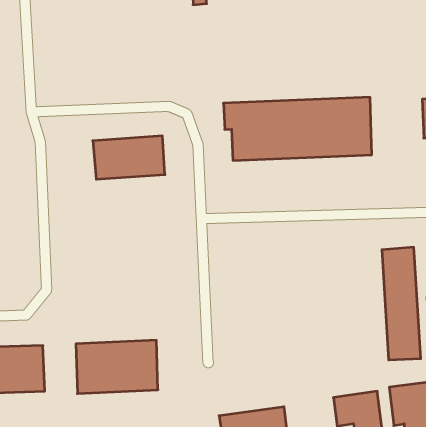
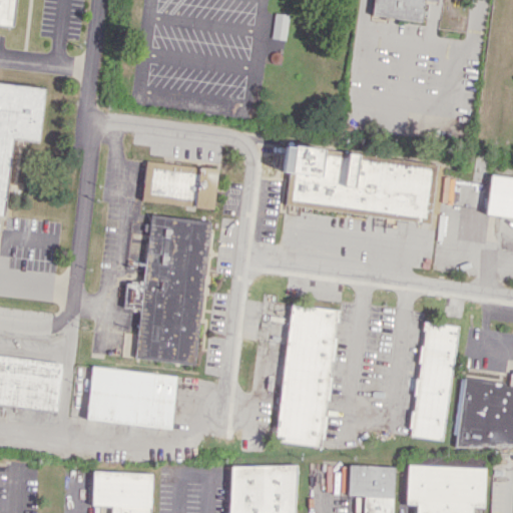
building: none -> [124,215,211,365]
building: none -> [277,305,339,447]

